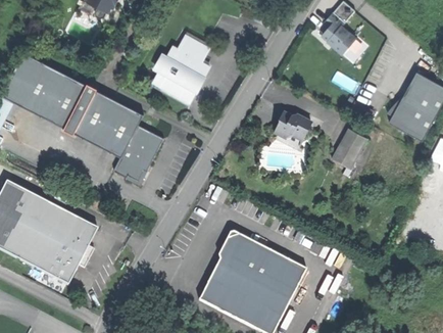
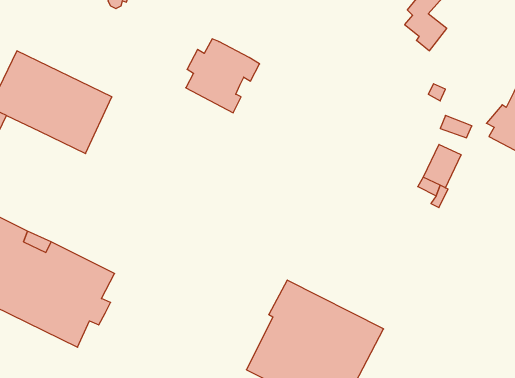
building: [179,33,209,58] -> none
building: [76,89,164,182] -> none
building: [275,110,310,138] -> none

